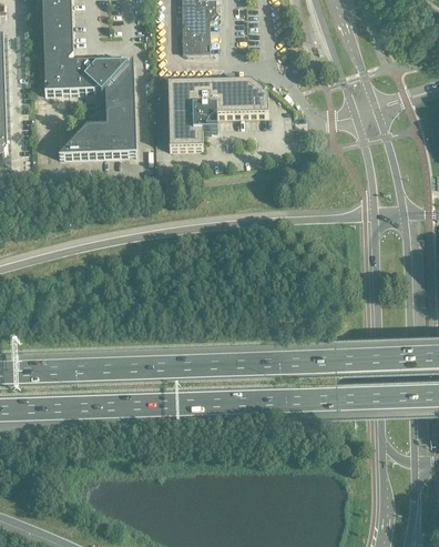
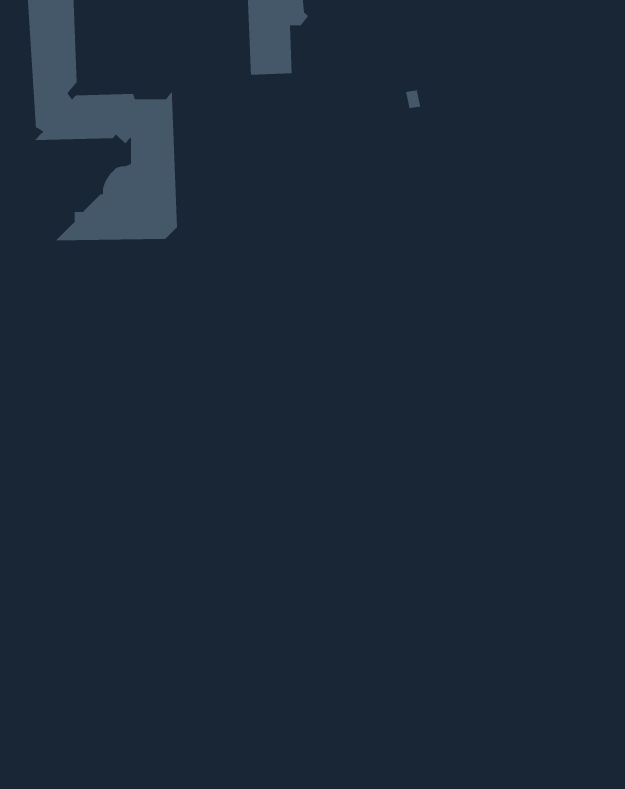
building: [166,78,267,145] -> none

